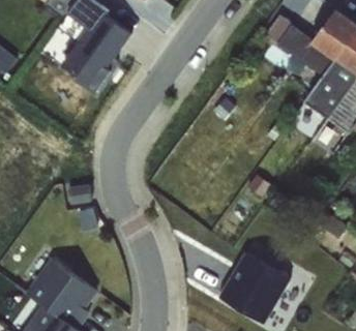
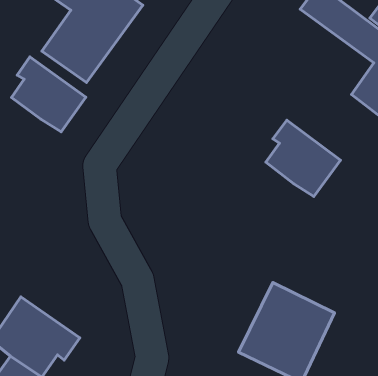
building: none -> [11,57,86,132]
building: none -> [266,120,340,197]

